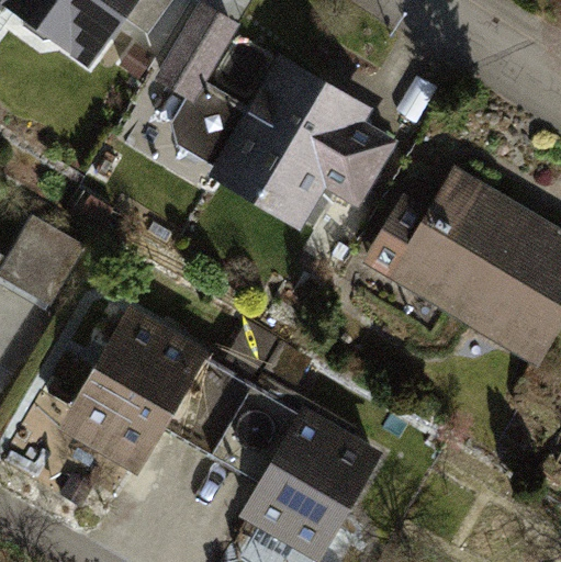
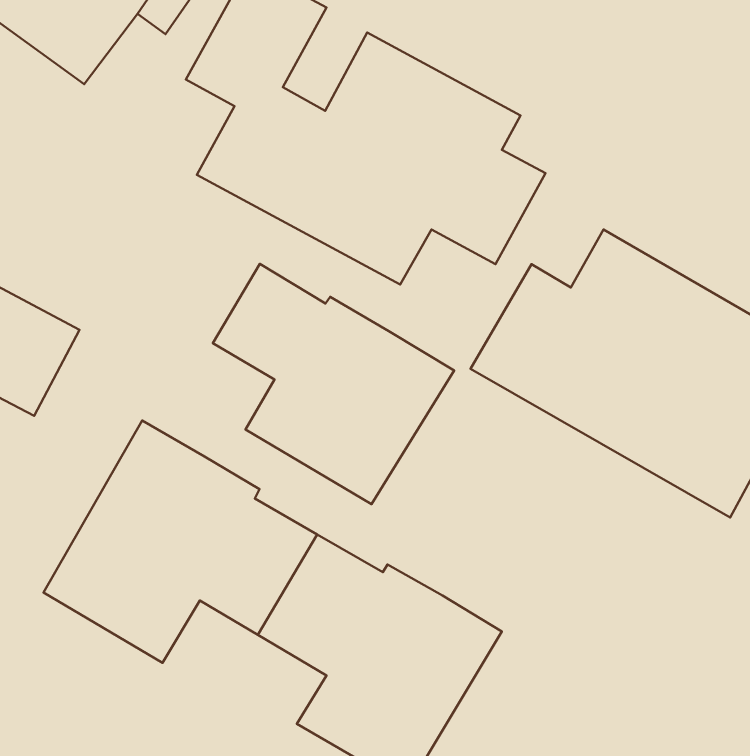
building: none -> [213,264,454,504]

